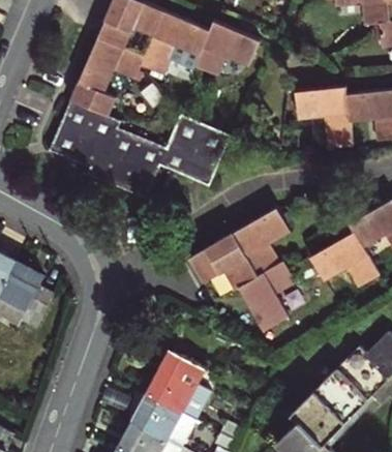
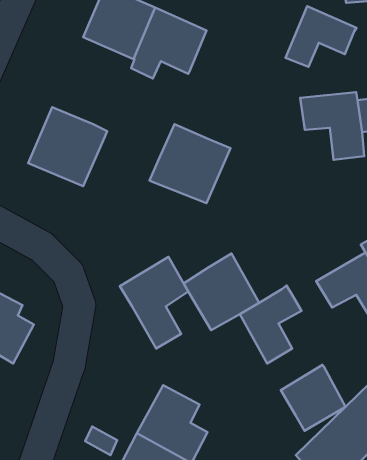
building: [194,21,259,76] -> [286,6,356,67]
building: [70,36,145,115] -> none
building: [96,126,167,199] -> none
building: [233,207,290,276] -> none
building: none -> [120,257,188,348]
building: none -> [281,365,345,431]

